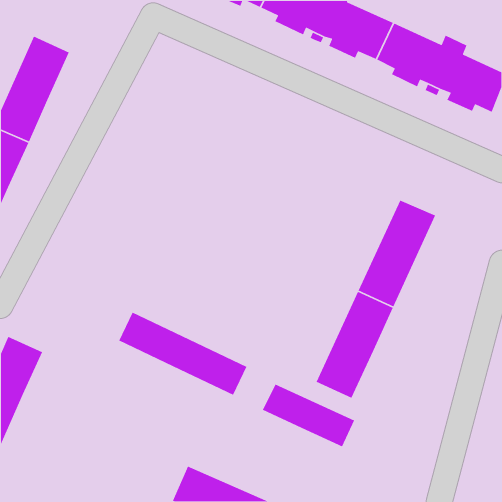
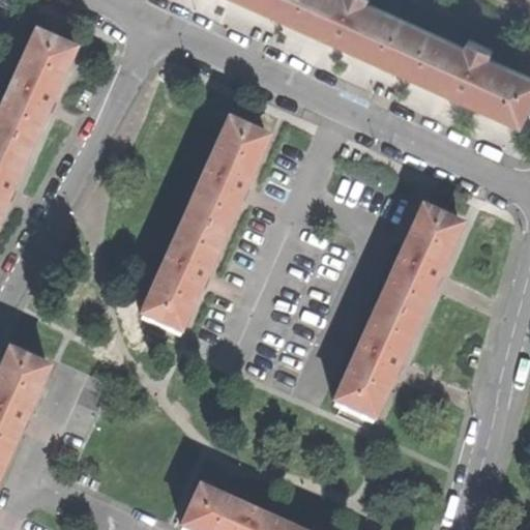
building: none -> [140,123,268,331]
building: [118,312,247,396] -> none
building: [262,383,355,448] -> none

